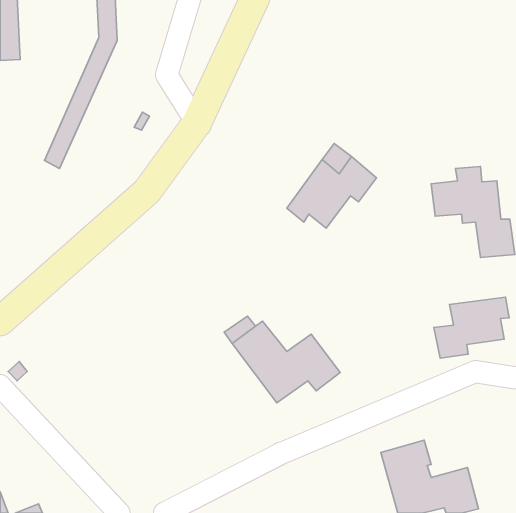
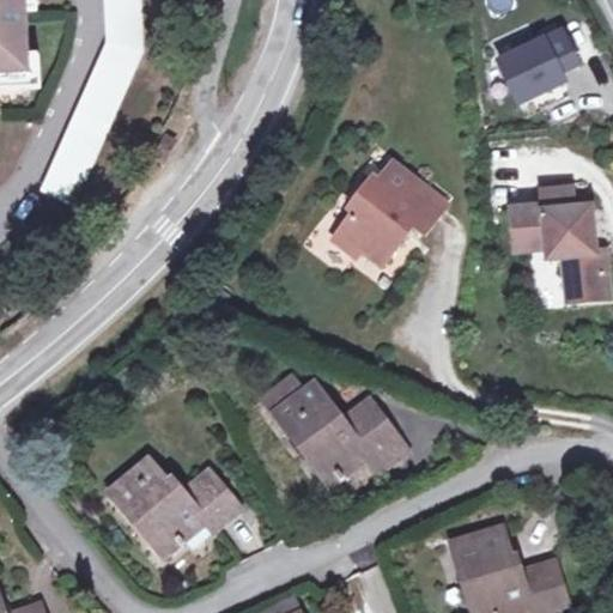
building: none -> [500,30,578,102]
building: [434,297,509,358] -> none
building: none -> [110,456,237,550]

